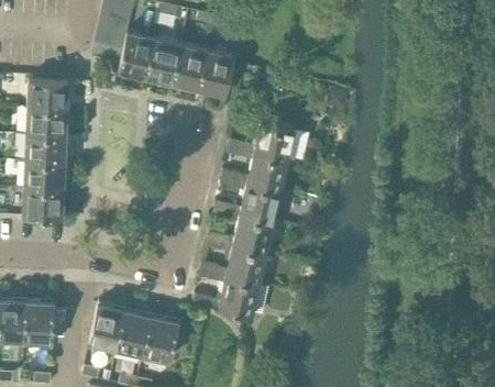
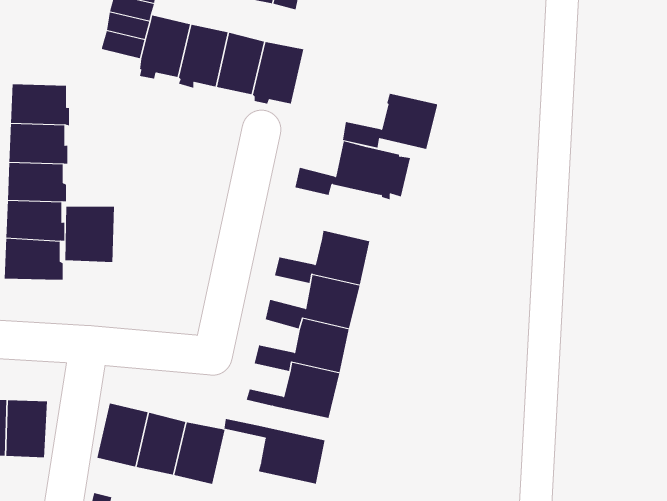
building: [220,152,287,191] -> [342,93,438,150]
building: none -> [65,206,114,263]
building: none -> [224,418,325,485]

